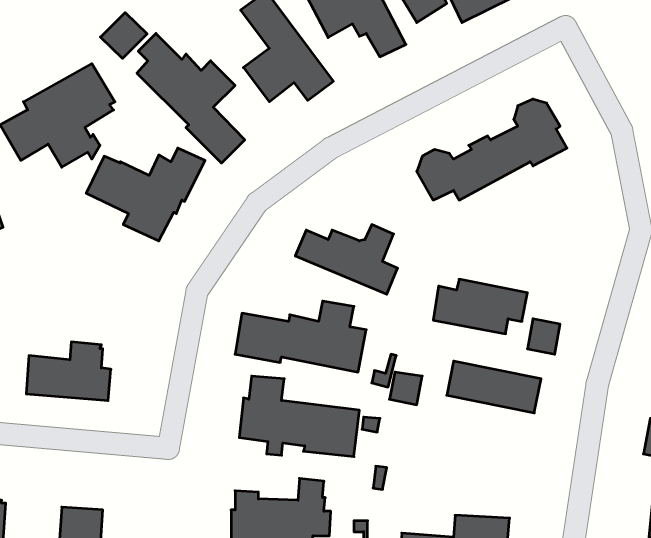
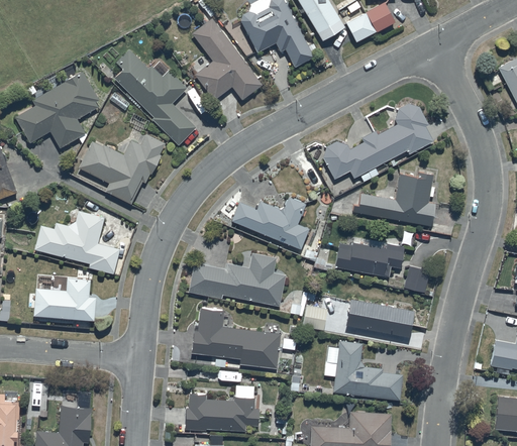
building: [100,13,147,58] -> none
building: none -> [353,169,435,223]
building: none -> [35,214,120,277]
building: none -> [325,338,403,397]

